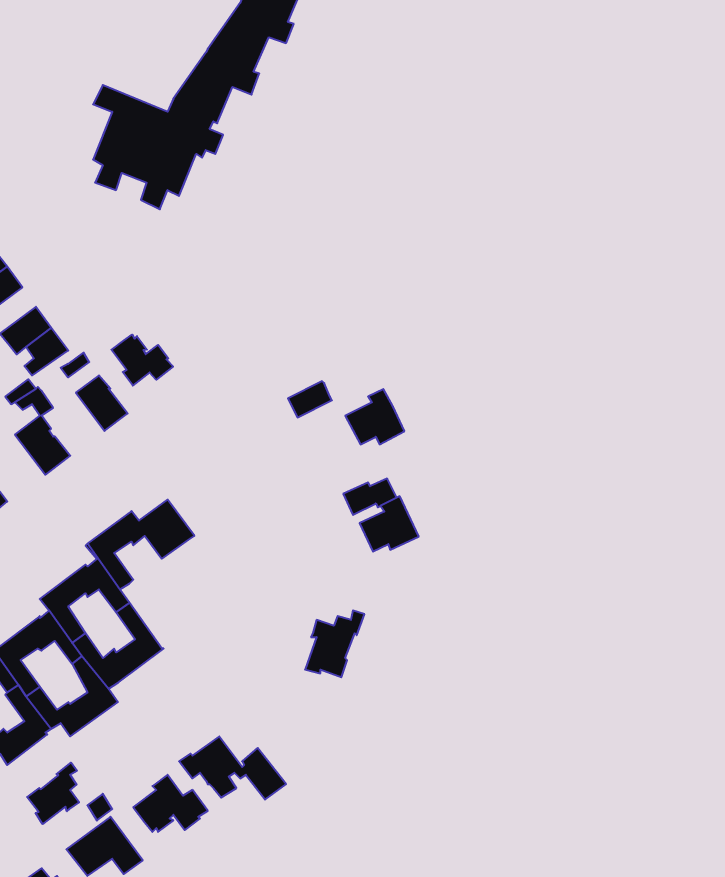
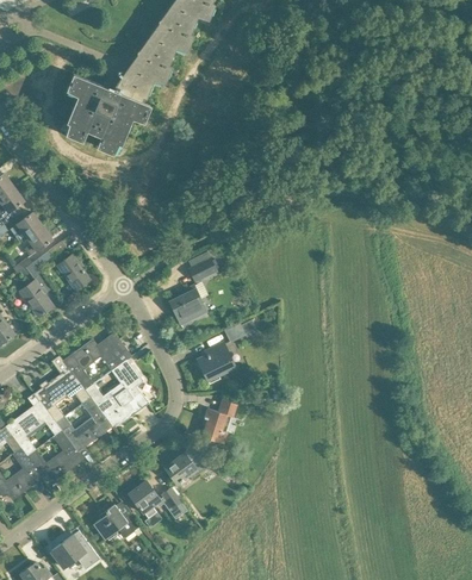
building: [111,335,173,386] -> none
building: [345,389,404,444] -> [169,285,206,319]
building: [360,496,419,552] -> [198,342,235,376]
building: none -> [85,357,144,425]
building: none -> [164,453,222,484]
building: [27,763,79,824] -> none

